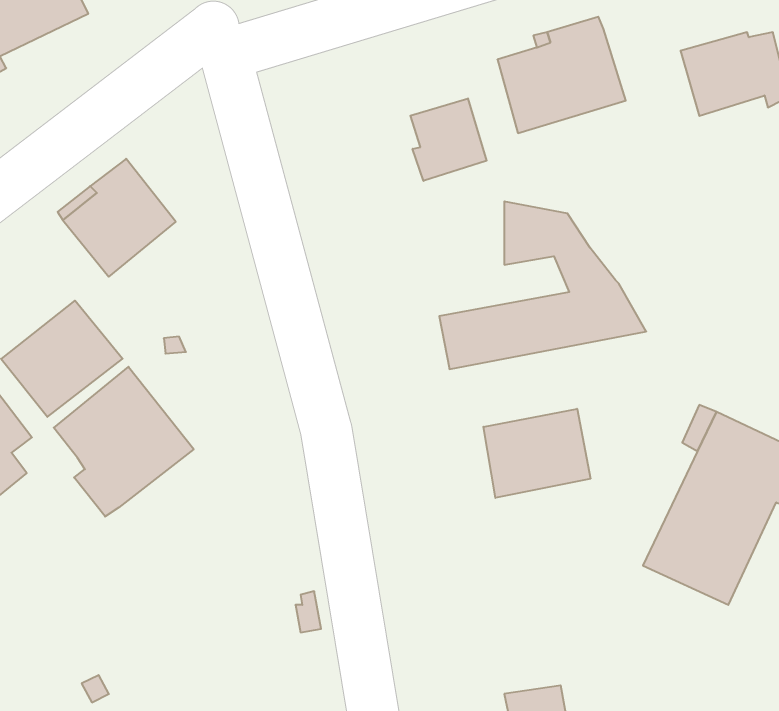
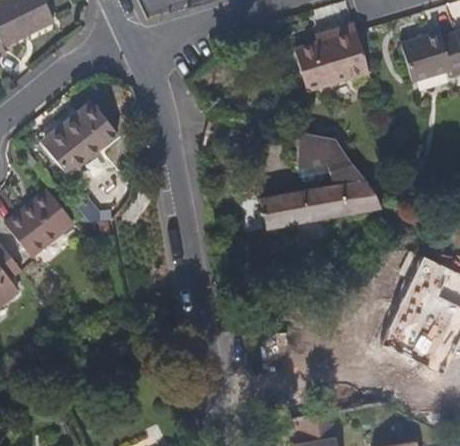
building: [410,98,487,181] -> none
building: [54,367,194,517] -> none
building: [483,409,590,498] -> none

